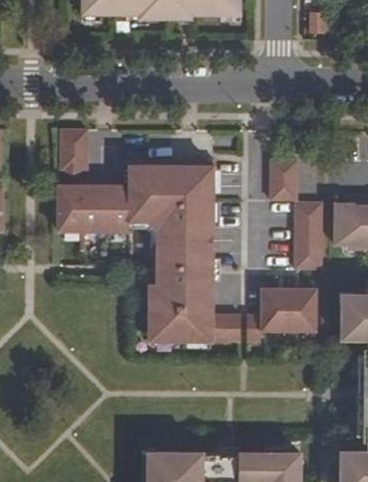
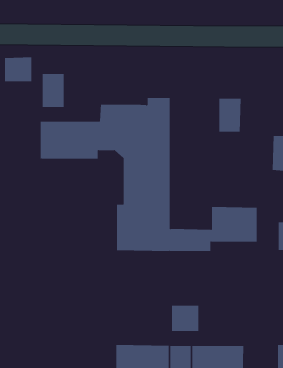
building: none -> [4,57,32,82]
building: [295,201,322,268] -> none
building: none -> [171,305,199,332]

